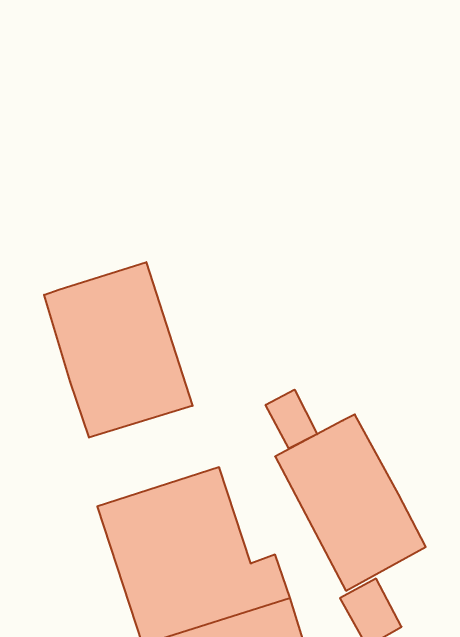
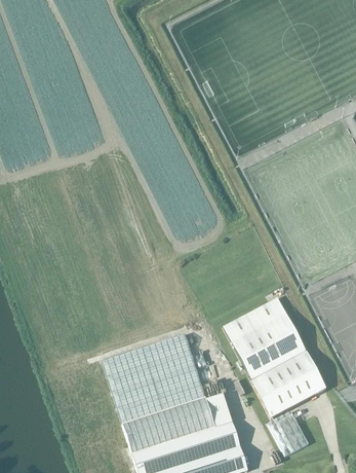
building: [44,262,193,438] -> none
building: [266,390,317,448] -> none

